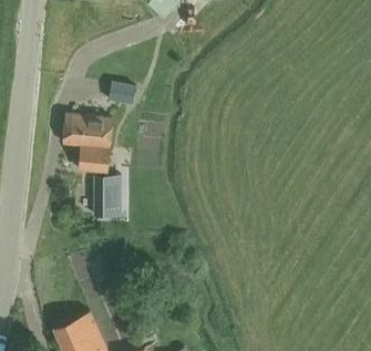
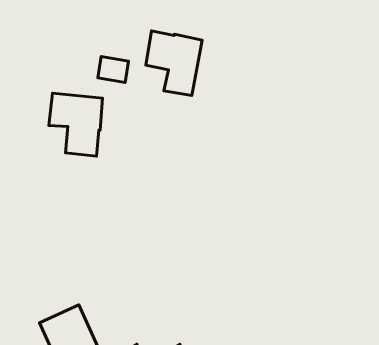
building: none -> [146,31,202,96]
building: [94,176,122,225] -> none

